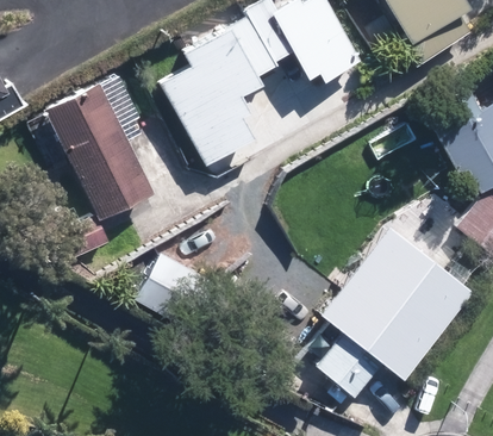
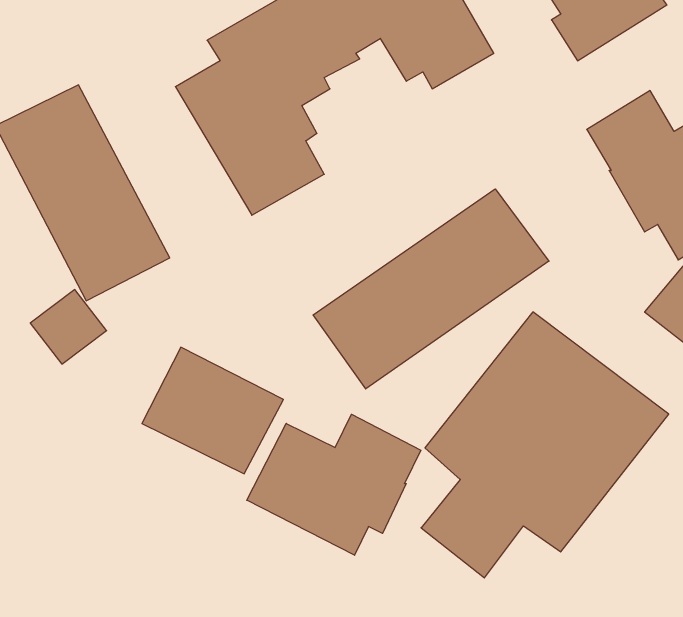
building: none -> [313,189,549,389]
building: none -> [247,414,421,555]

